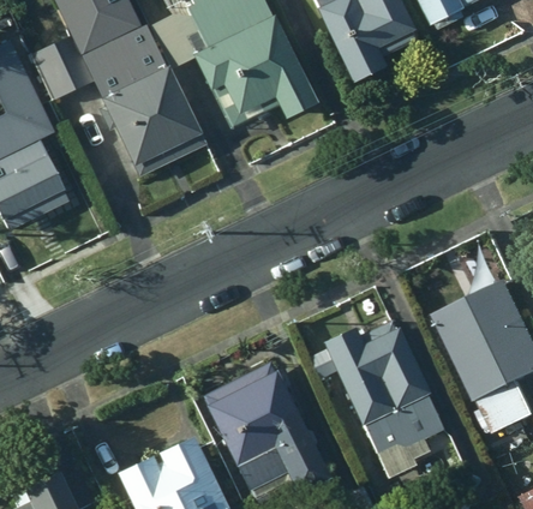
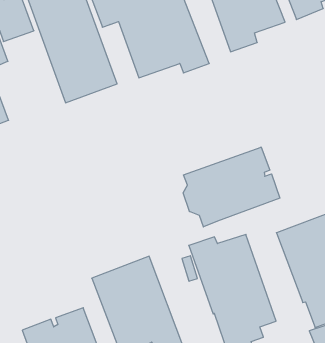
building: none -> [183,147,280,227]

